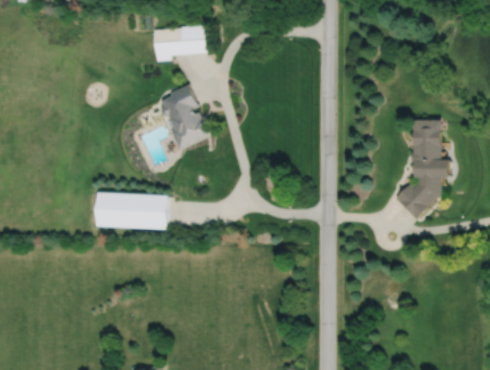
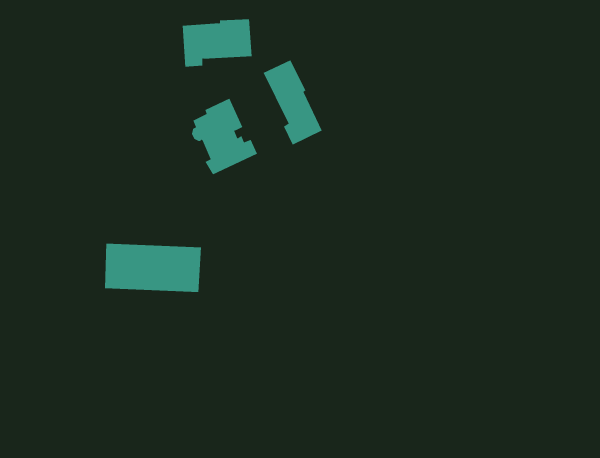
building: none -> [263,60,323,145]
building: [395,120,452,220] -> none

